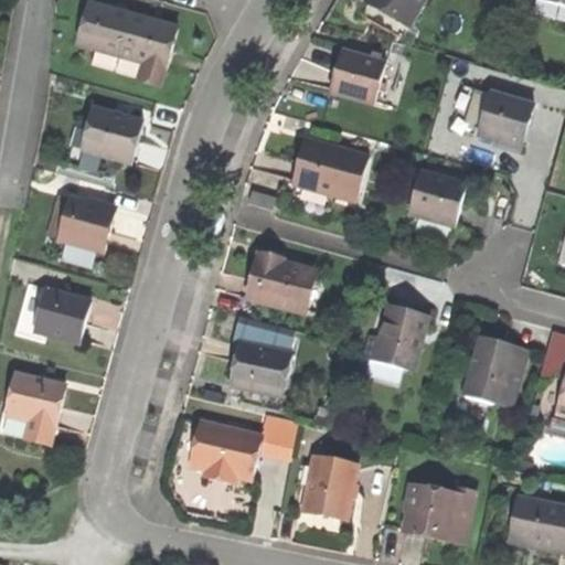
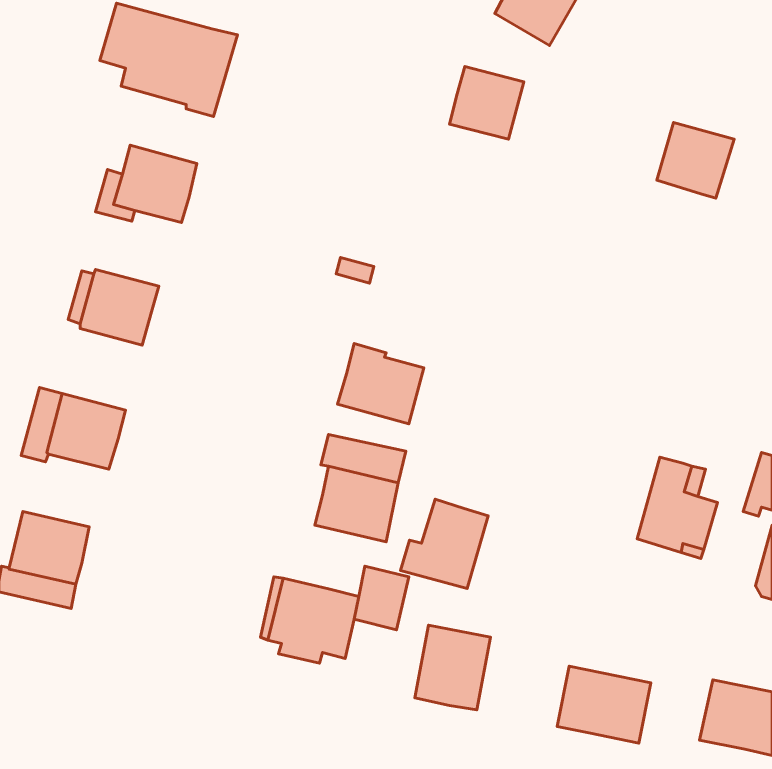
building: [290,136,366,199] -> none
building: [411,171,467,226] -> none
building: [364,302,428,367] -> [400,499,488,589]

